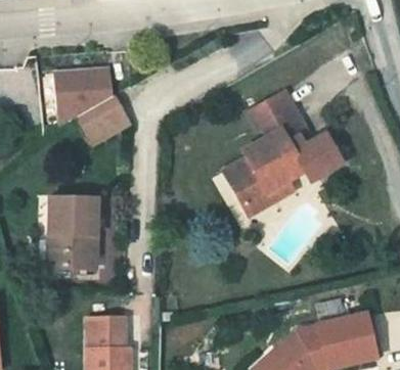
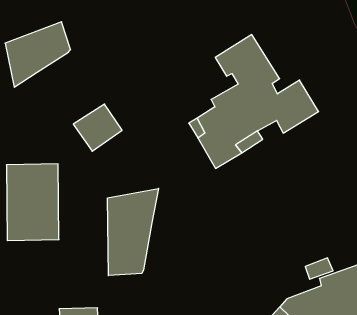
building: [84,92,129,135] -> [73,104,122,151]
building: none -> [108,188,159,276]

